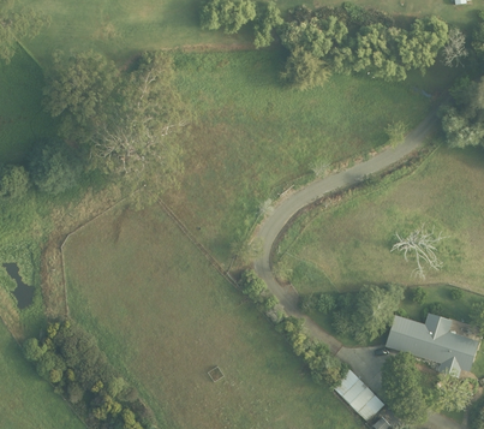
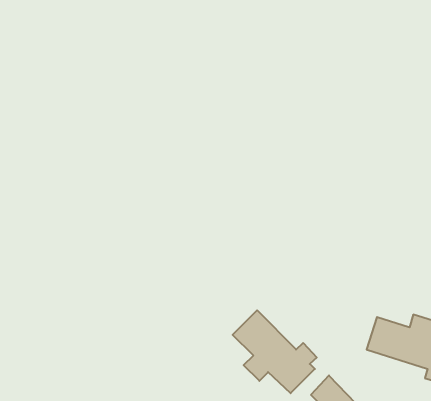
building: none -> [233,310,317,393]

